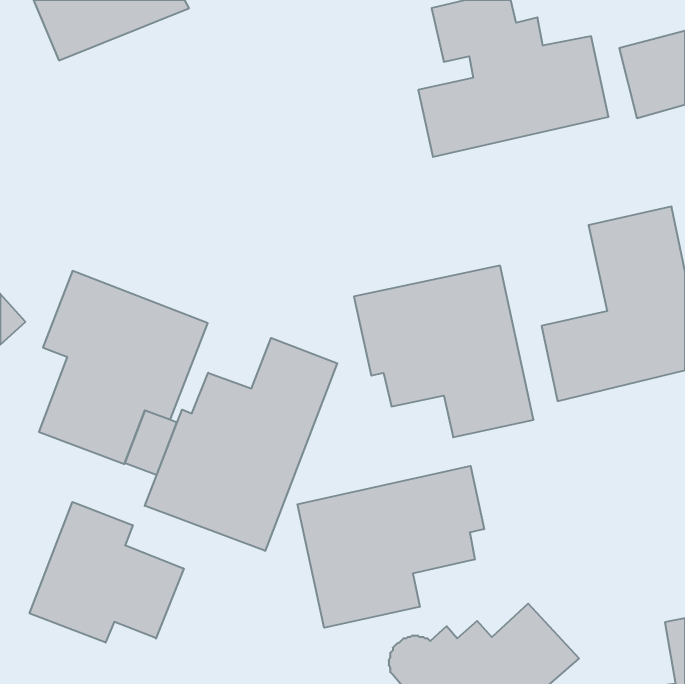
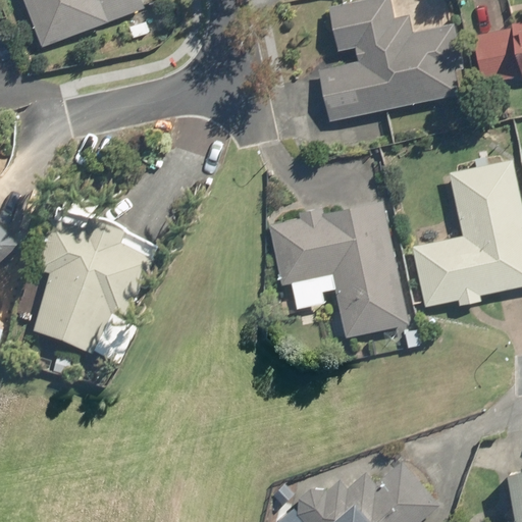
building: [145,338,337,551] -> none
building: [297,466,484,628] -> none
building: [30,502,184,643] -> none

